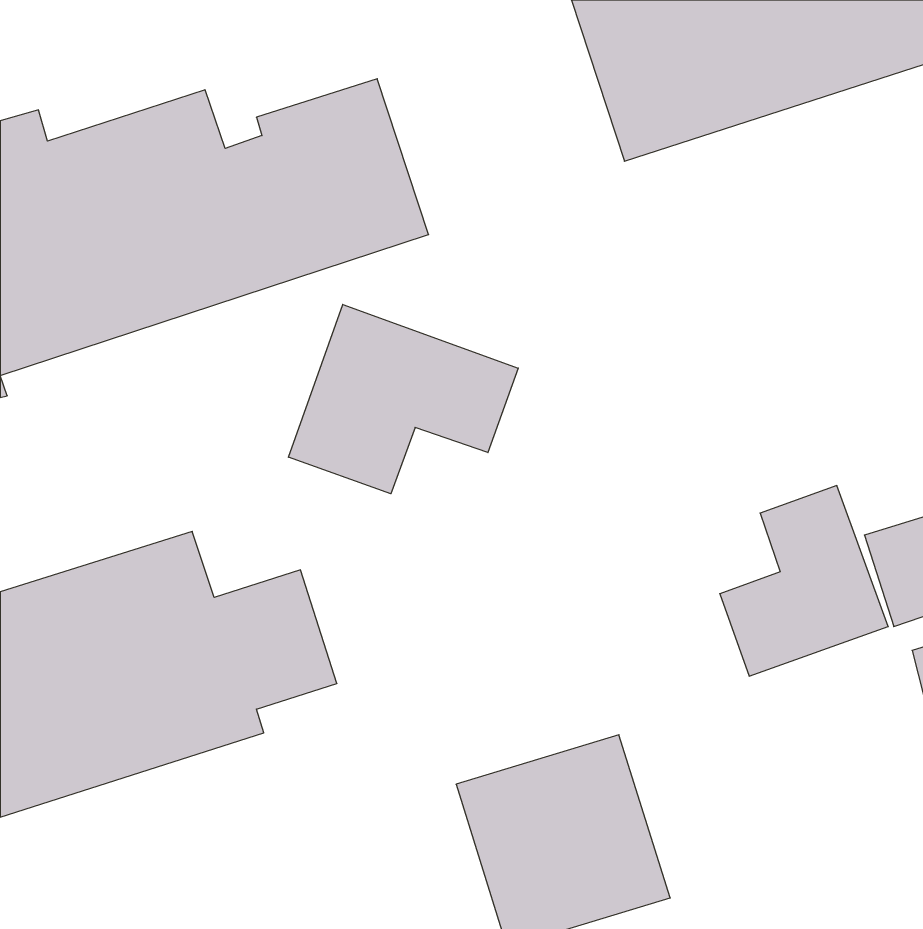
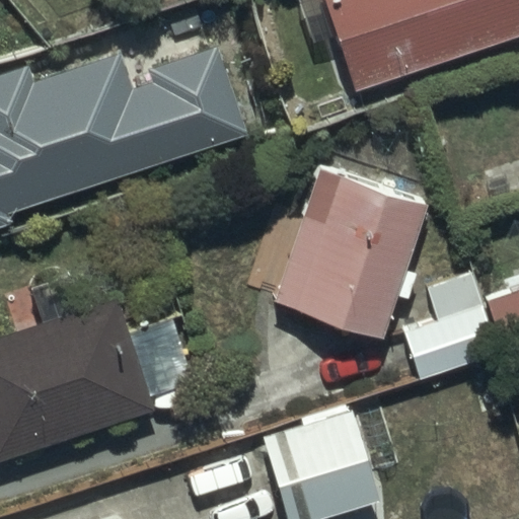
building: none -> [273,167,428,339]
building: [288,304,518,494] -> none

